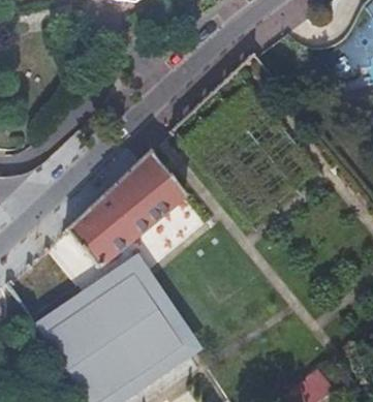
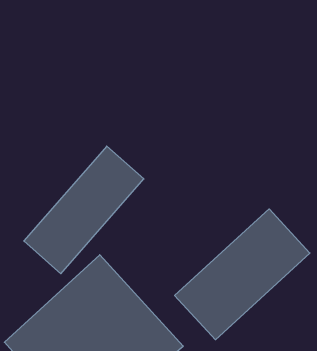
building: none -> [175,209,310,340]

